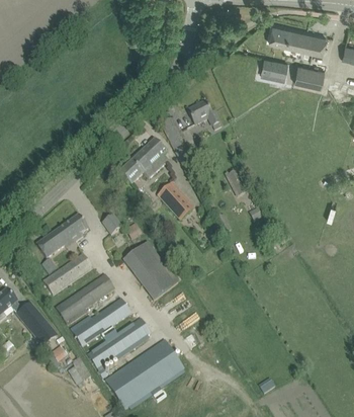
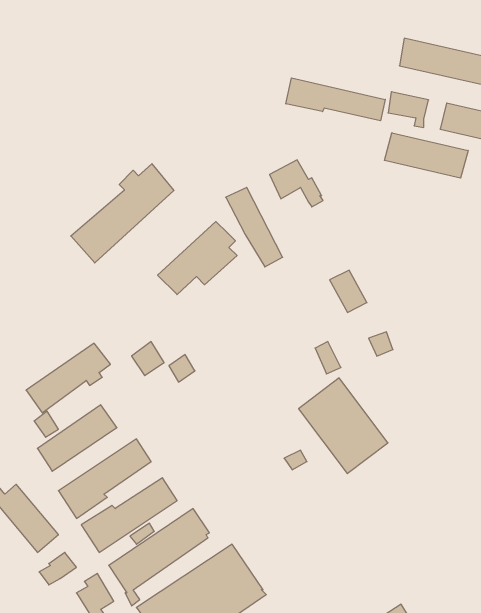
building: none -> [286,78,385,121]
building: none -> [384,133,468,178]
building: none -> [71,164,174,263]
building: [157,182,194,221] -> none
building: [123,241,179,301] -> [299,378,388,474]

